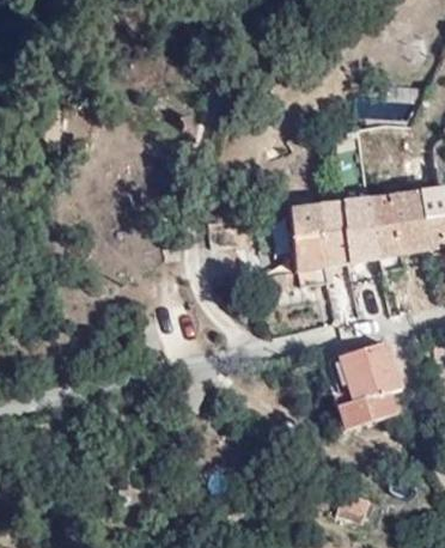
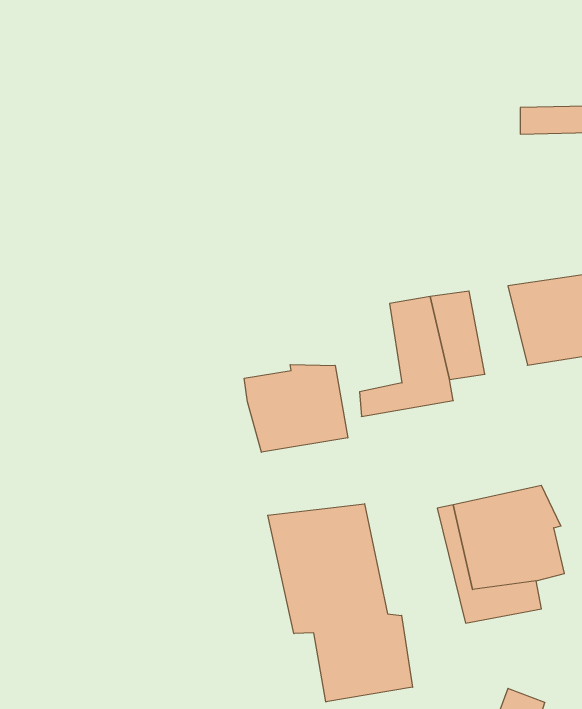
building: [336,205,376,264] -> none
building: none -> [244,365,348,452]
building: none -> [268,504,413,702]

